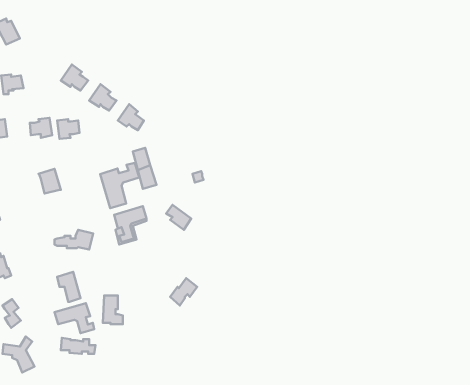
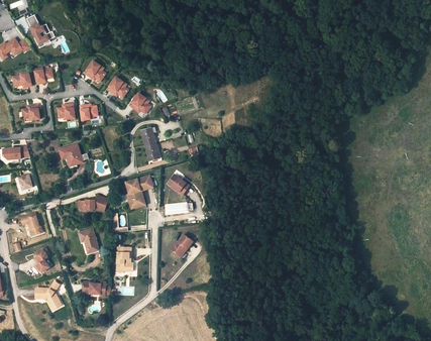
building: [100,163,139,208] -> none
building: [55,303,94,333] -> none

